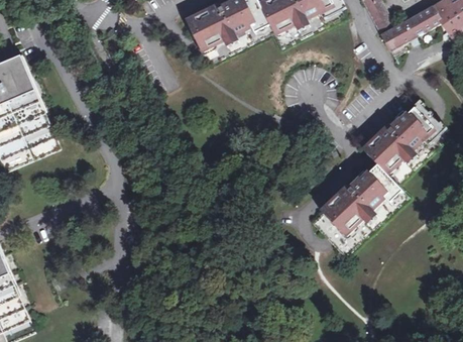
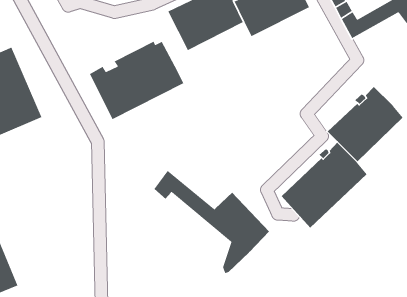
building: none -> [89,40,184,120]
building: none -> [154,170,270,274]

